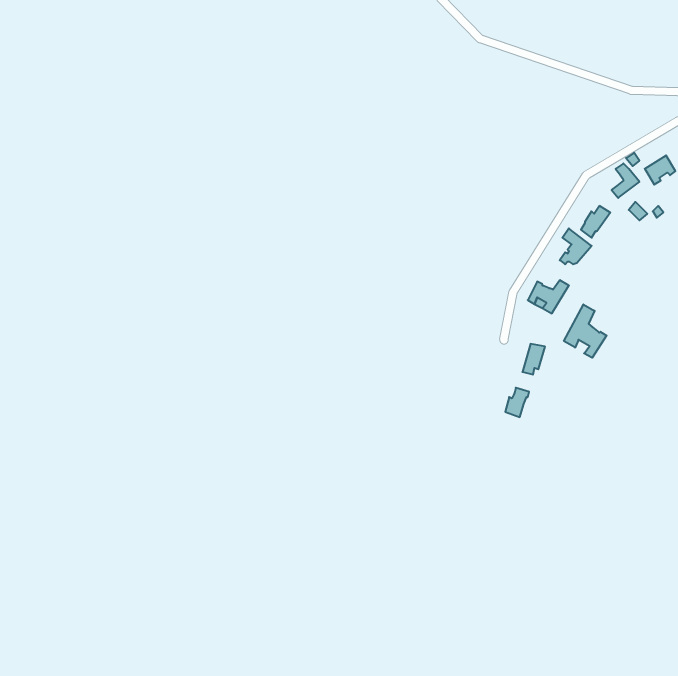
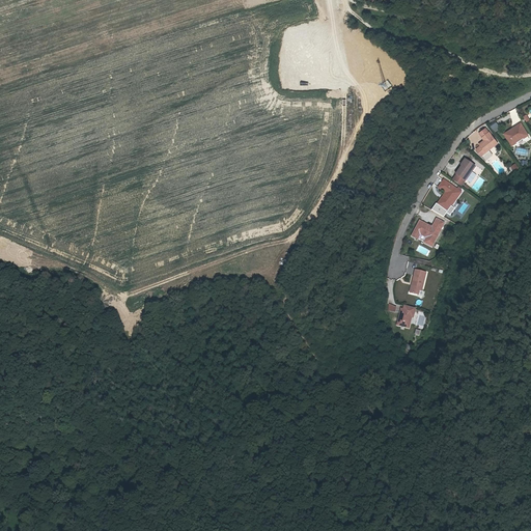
building: [564,304,607,358] -> none

